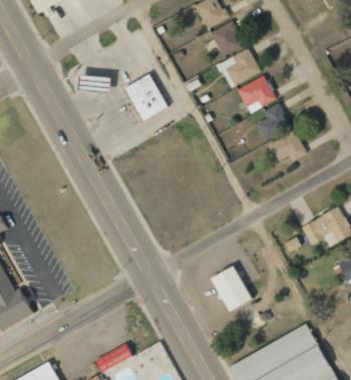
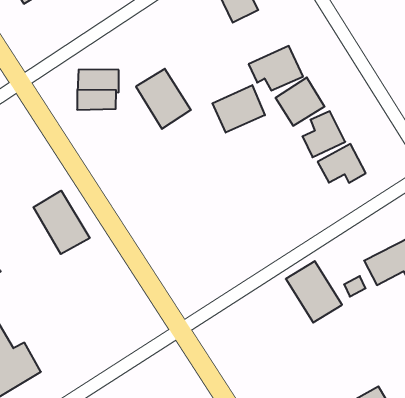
building: [210,30,243,65] -> none
building: none -> [212,85,265,133]
building: none -> [33,191,90,254]
building: [211,262,255,311] -> [286,261,342,323]

